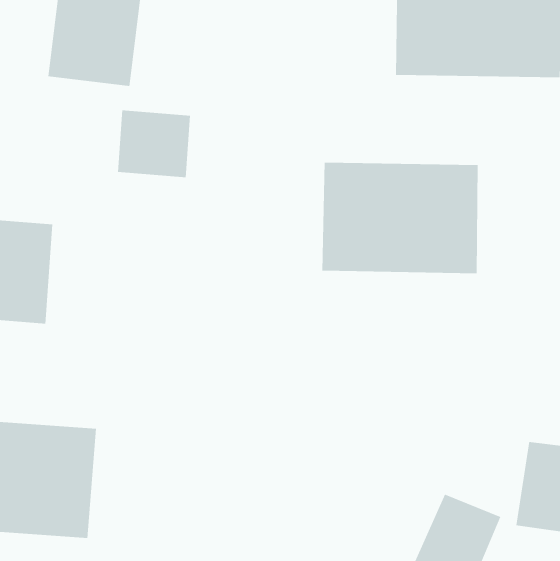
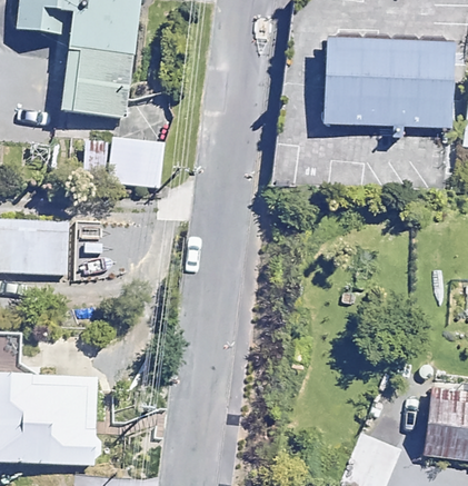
building: [322,162,478,274] -> none

